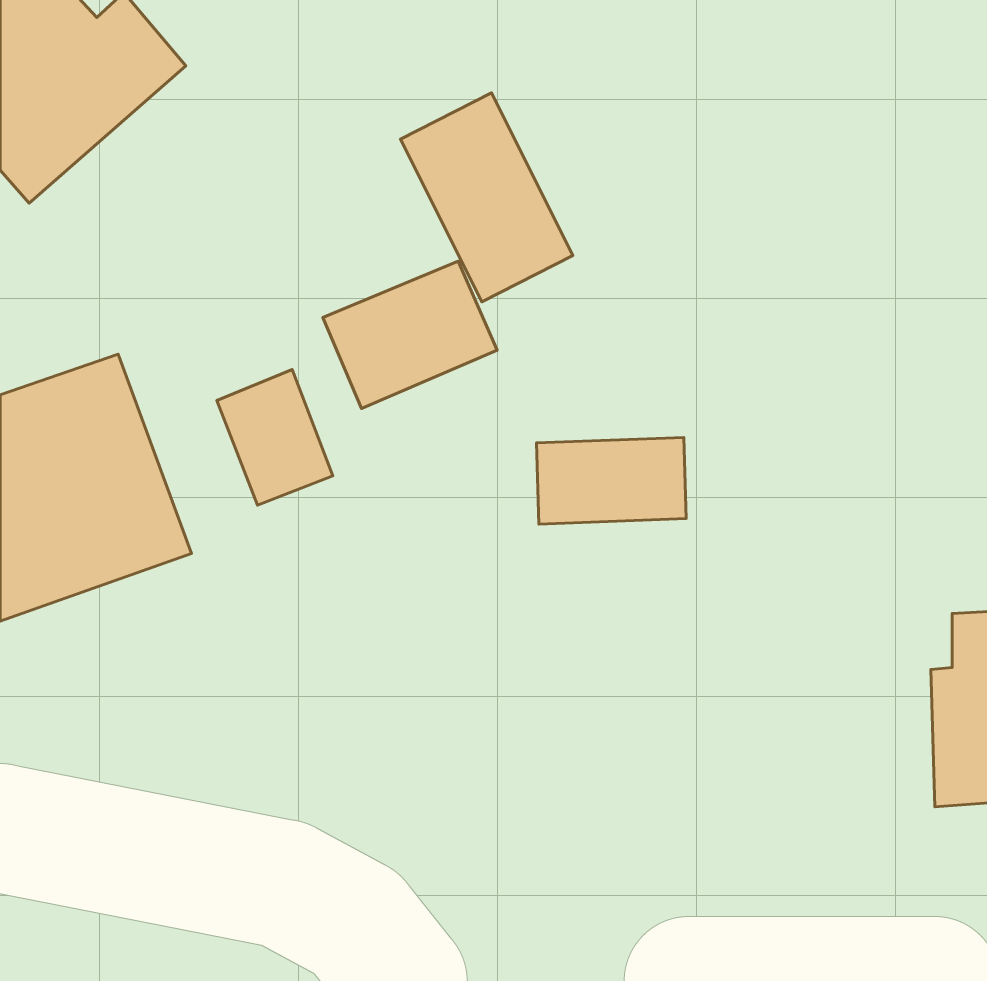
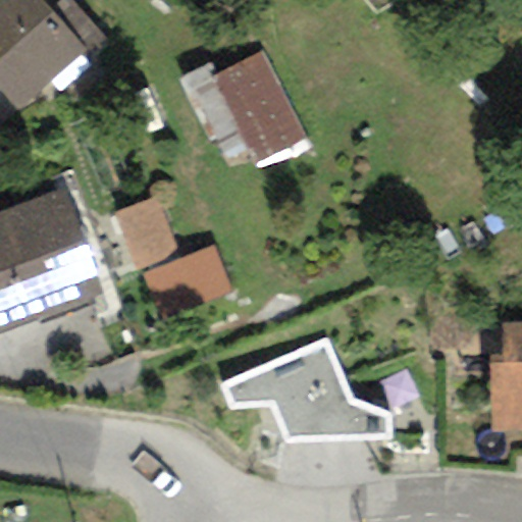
building: [323,261,497,408] -> [141,241,232,318]
building: [536,437,686,524] -> none
building: none -> [218,340,392,439]

